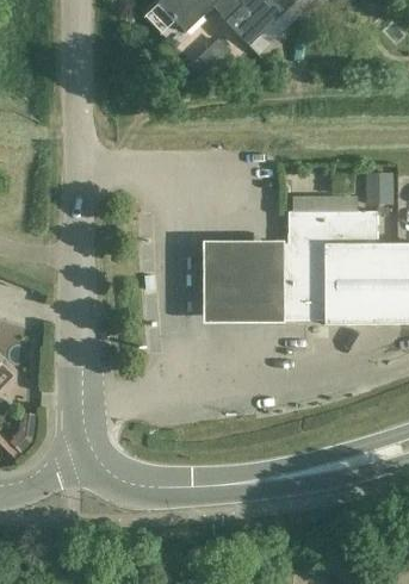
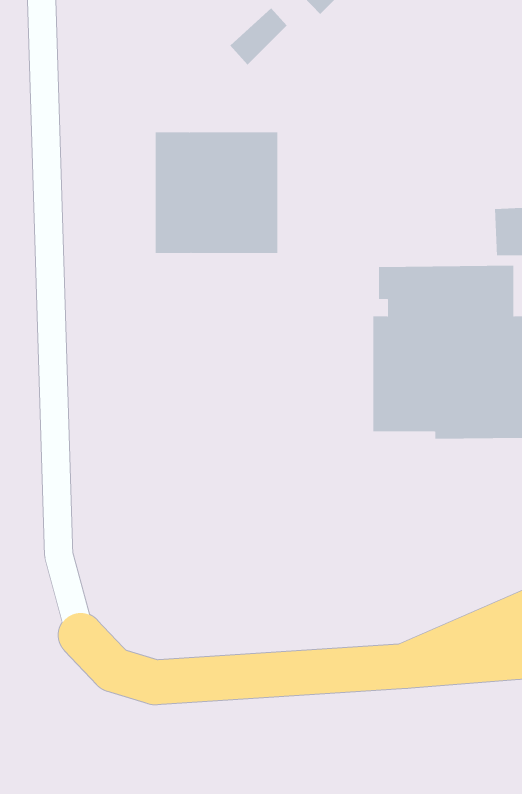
building: [202,246,283,325] -> [155,132,278,253]

